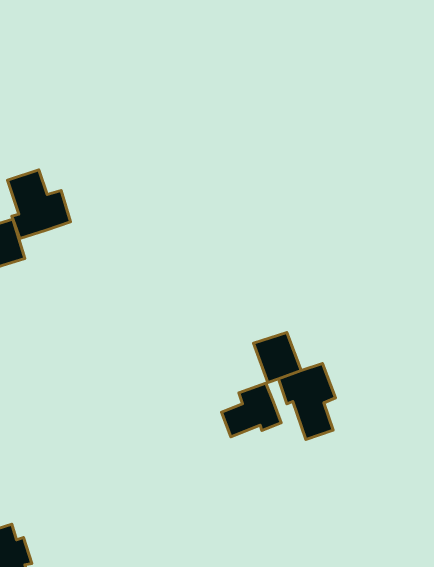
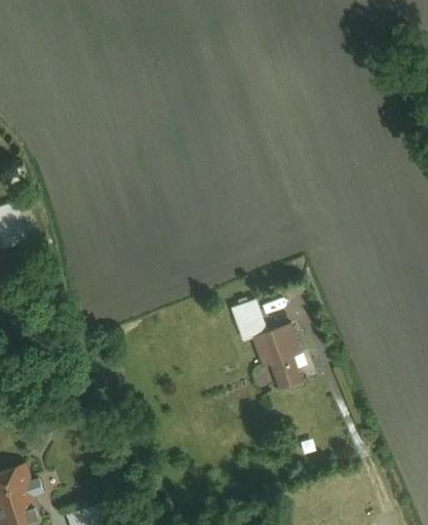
building: [7,170,71,238] -> none
building: [221,383,281,437] -> none

